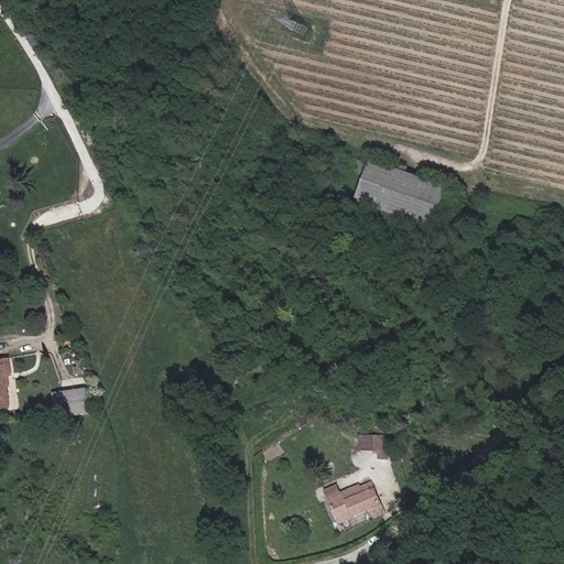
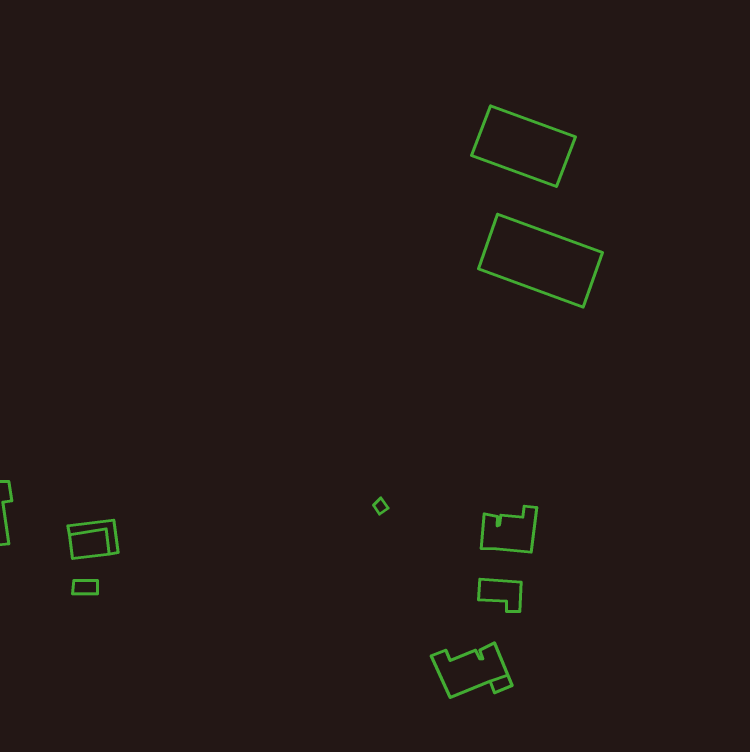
building: none -> [472,106,575,187]
building: none -> [481,506,537,552]

